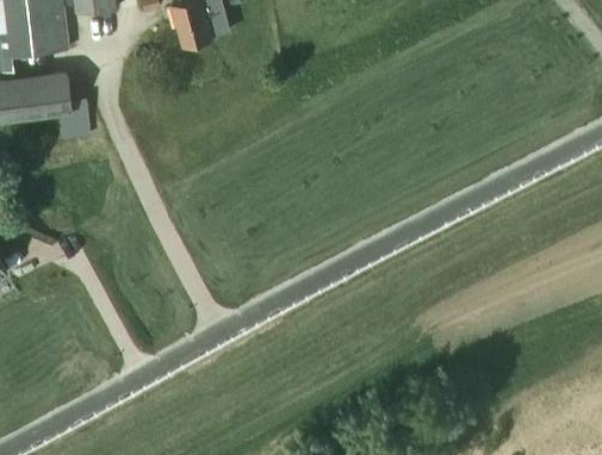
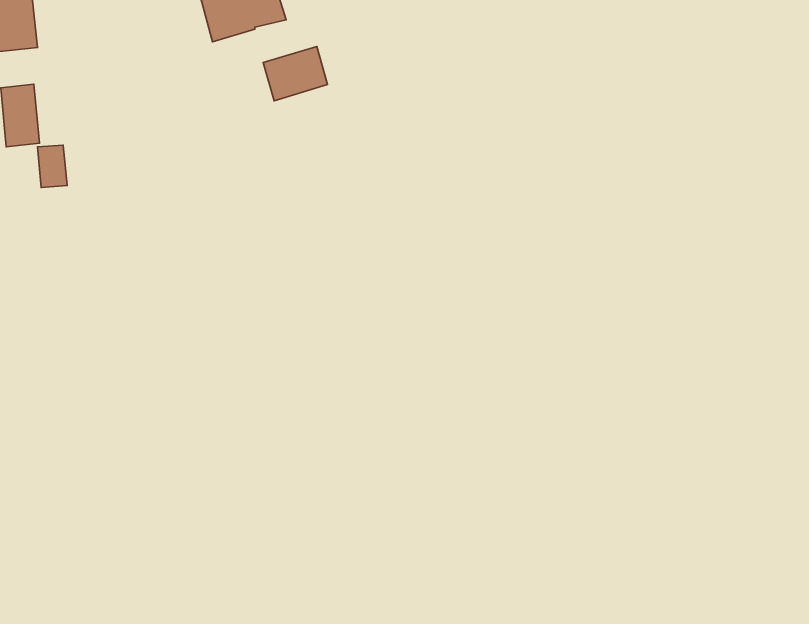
building: none -> [263,46,328,101]

